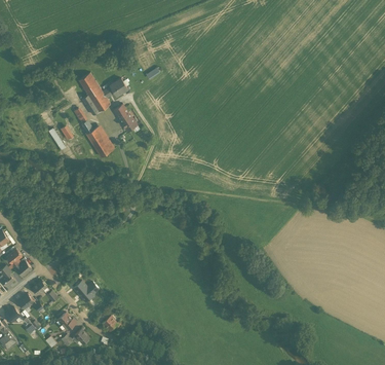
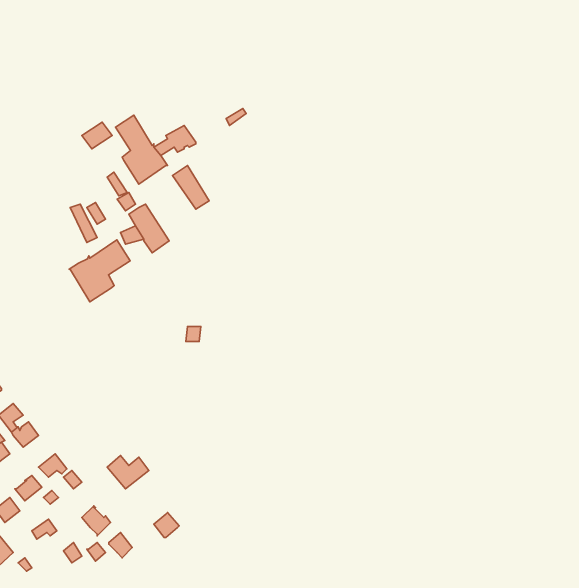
building: none -> [69,240,130,302]

